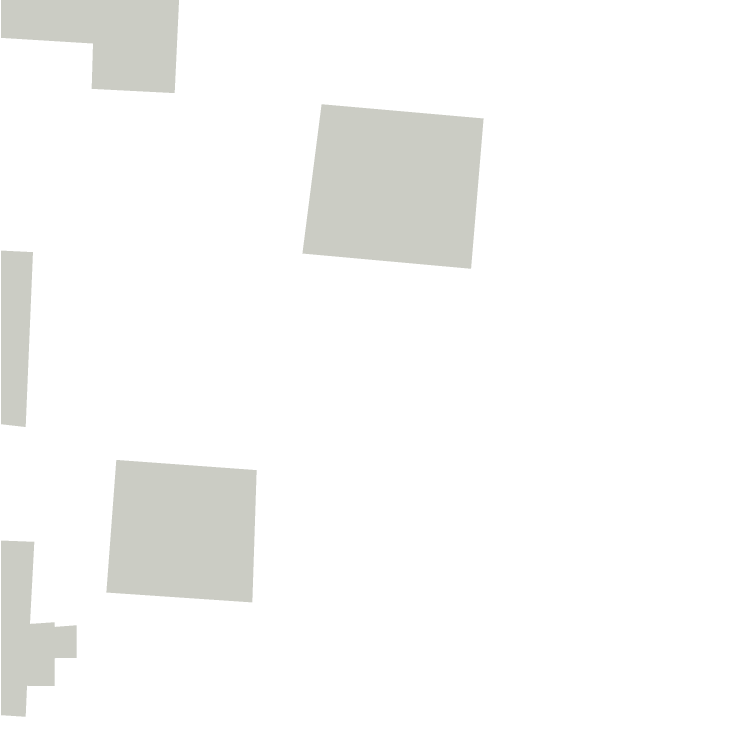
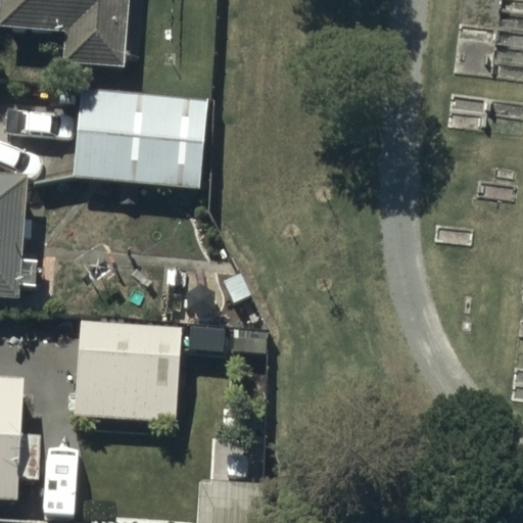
building: [302,103,484,270] -> none
building: none -> [73,88,207,187]

